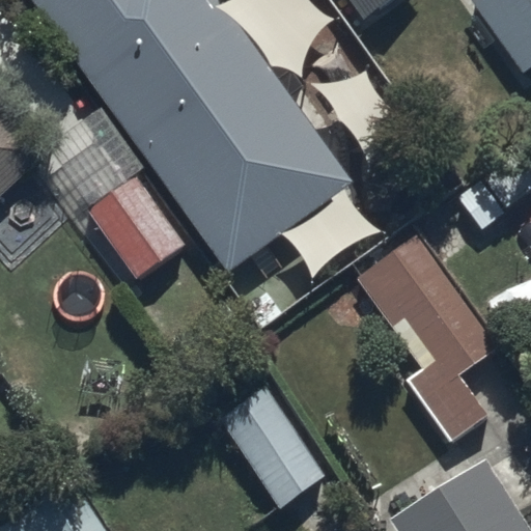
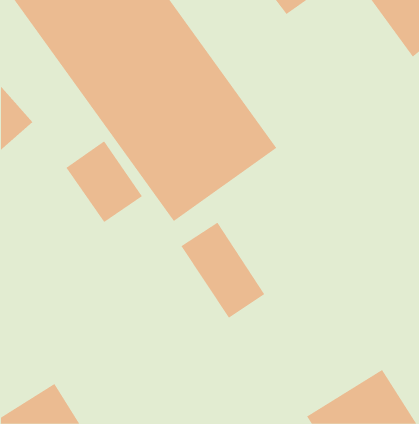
building: [358,235,498,440] -> none
building: [219,384,325,504] -> [180,222,265,318]

